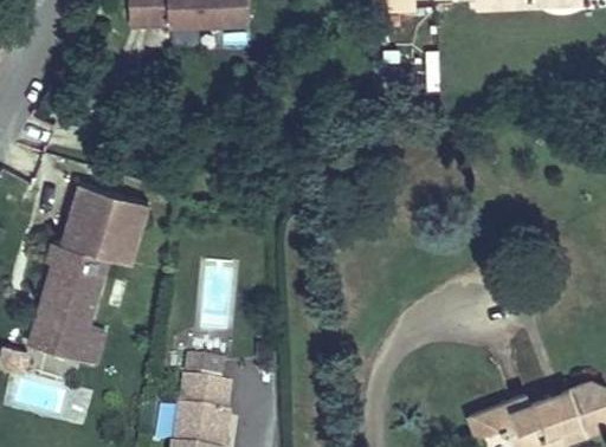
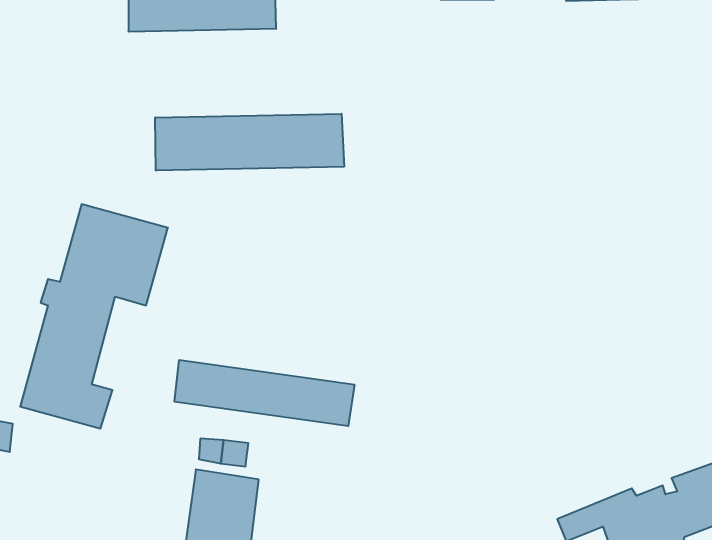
building: none -> [155,114,344,171]
building: none -> [175,360,354,426]

